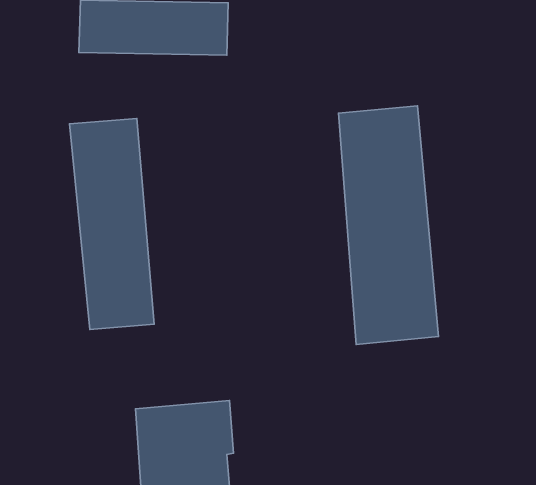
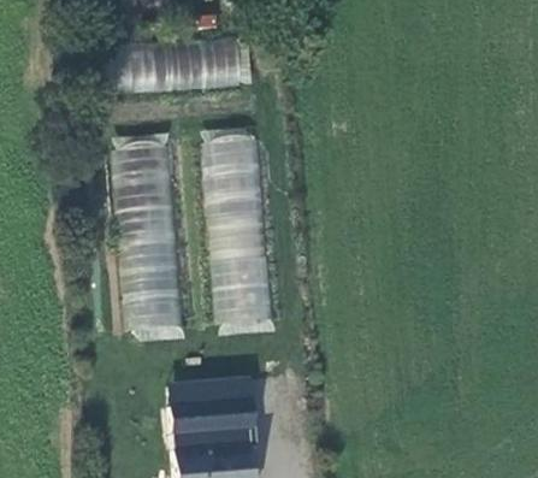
building: [338,106,439,344] -> none
building: none -> [196,134,272,323]

